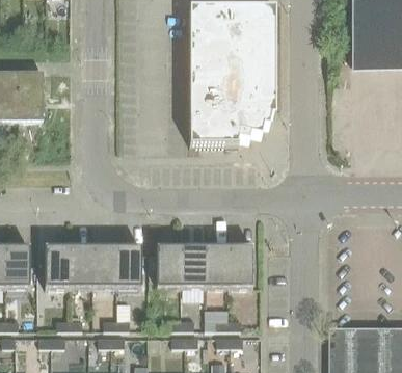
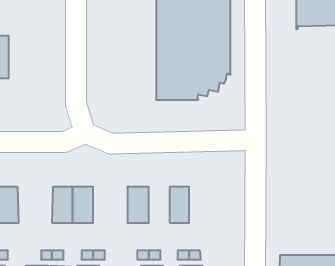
building: [19,72,44,121] -> none
building: [45,246,70,288] -> none
building: [116,246,141,288] -> none
building: [181,246,205,288] -> none
building: [227,246,252,288] -> none

